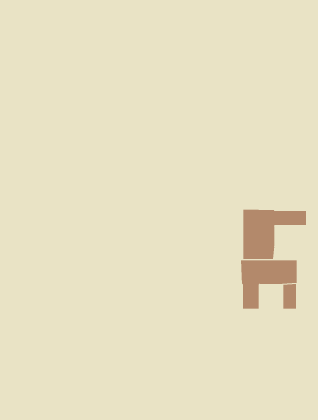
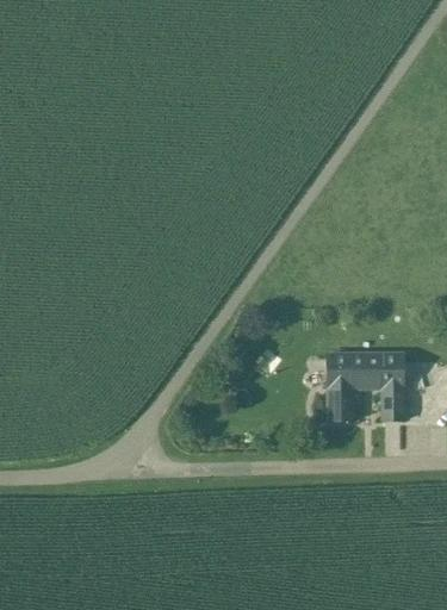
building: [243,209,307,260] -> none

